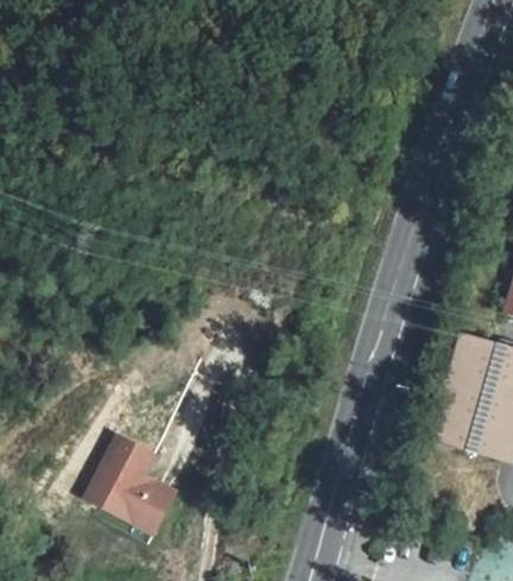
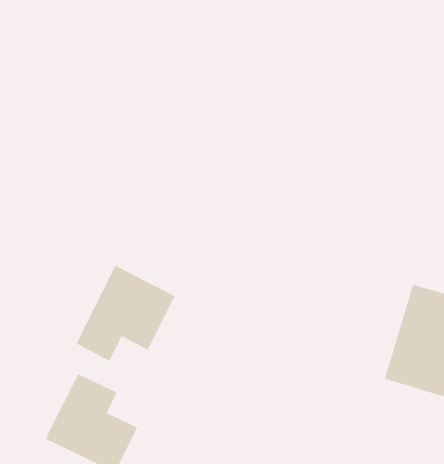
building: none -> [76,265,175,361]

